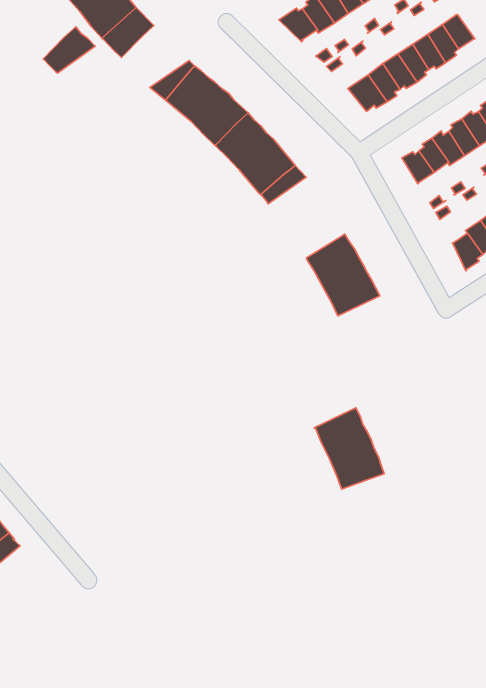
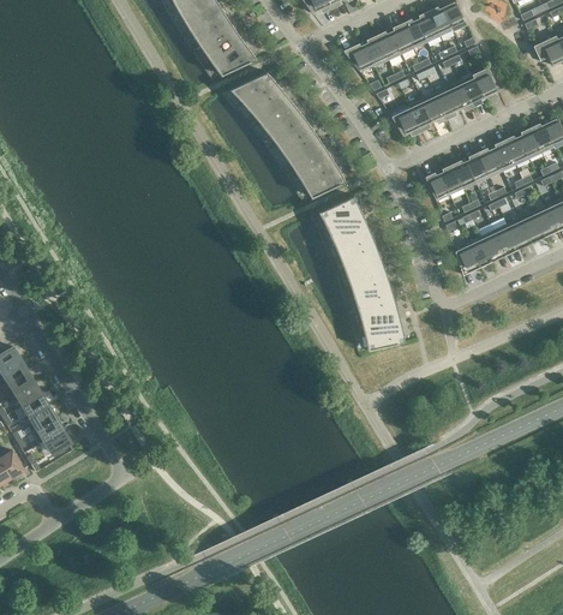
building: [43,27,95,73] -> [211,41,254,76]
building: none -> [318,197,369,246]
building: [314,408,384,489] -> [353,286,403,350]

